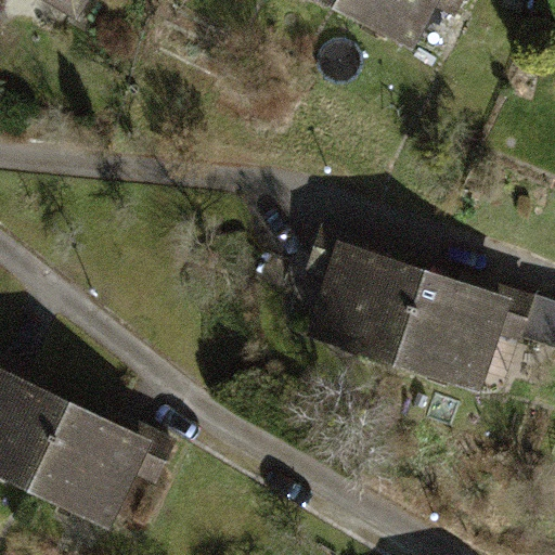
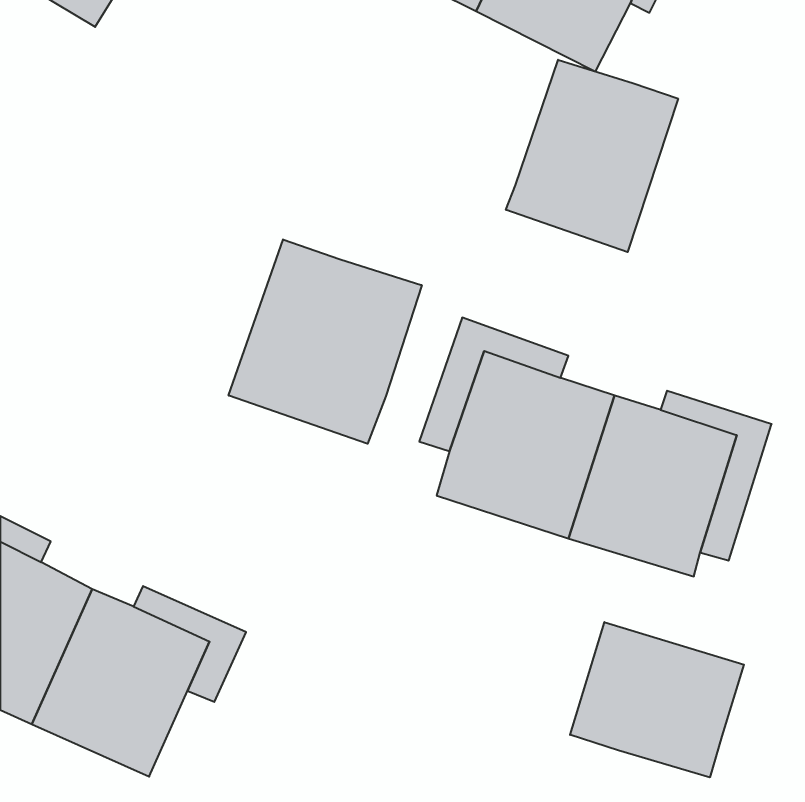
building: none -> [506,60,678,252]
building: none -> [229,239,422,444]
building: none -> [570,622,744,777]

